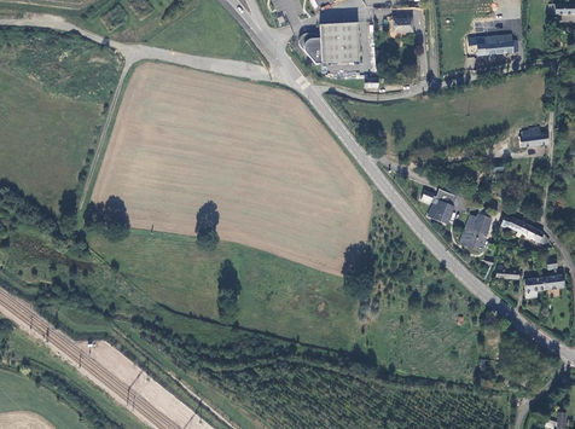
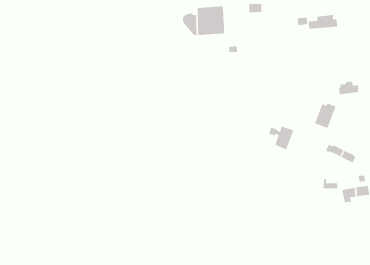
building: [459,214,490,250] -> [314,103,336,129]

